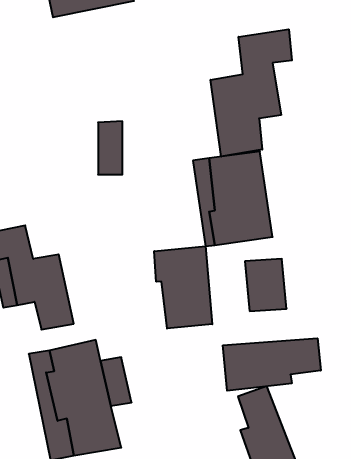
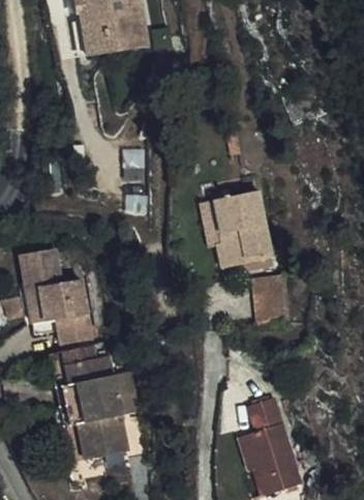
building: [211,29,292,157] -> none
building: [154,246,212,329] -> none
building: [223,338,321,391] -> none

